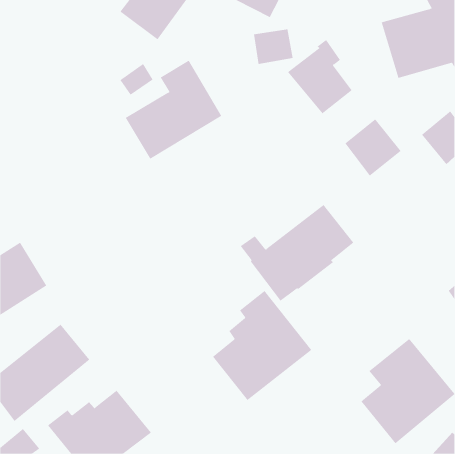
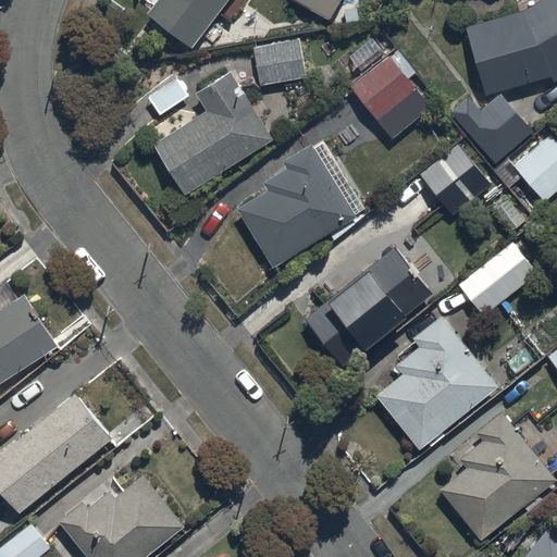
building: [253,29,293,65] -> [256,41,305,85]
building: none -> [449,94,533,163]
building: none -> [237,144,364,269]
building: none -> [457,244,535,317]
building: [212,290,312,401] -> [376,315,498,450]

